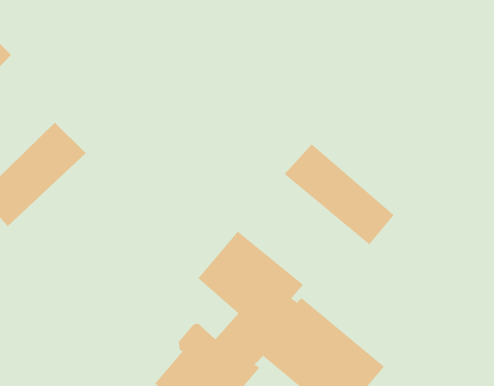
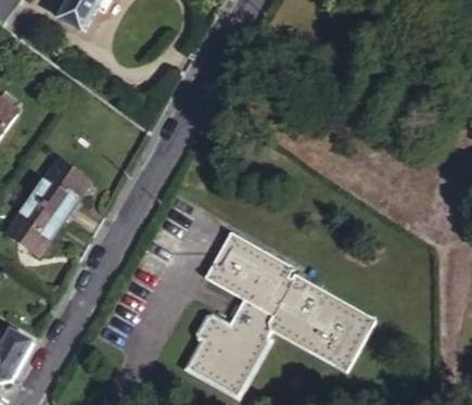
building: [284,144,395,245] -> none

